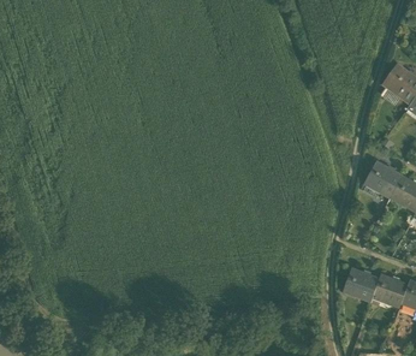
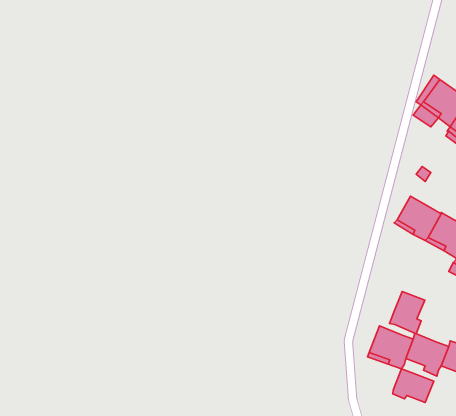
building: none -> [389,292,425,334]
building: none -> [393,369,434,403]

